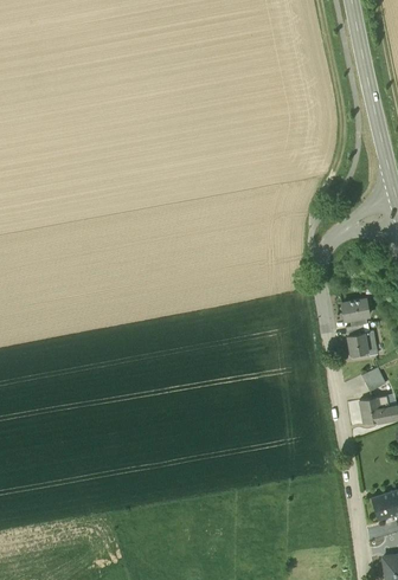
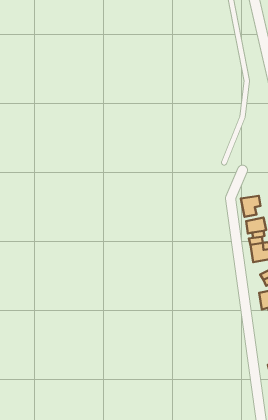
building: none -> [241,196,261,217]

